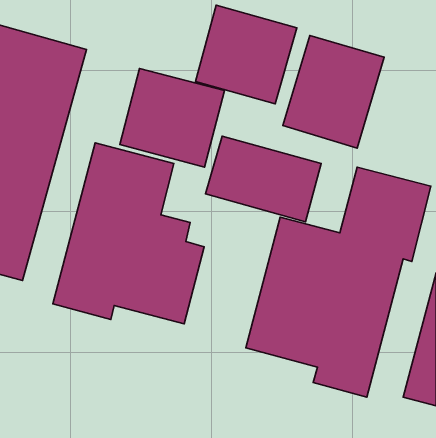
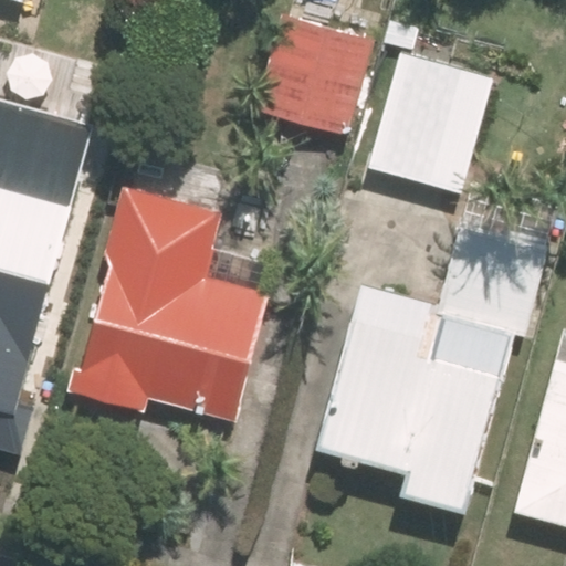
building: [120,69,225,167] -> none
building: [206,136,321,222] -> none

